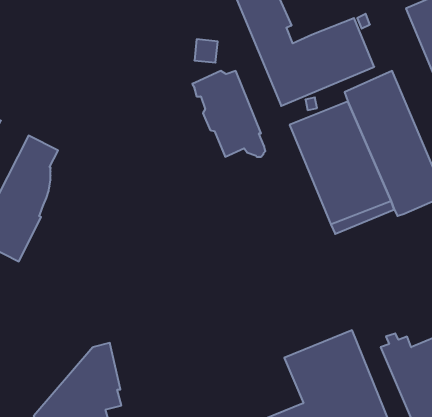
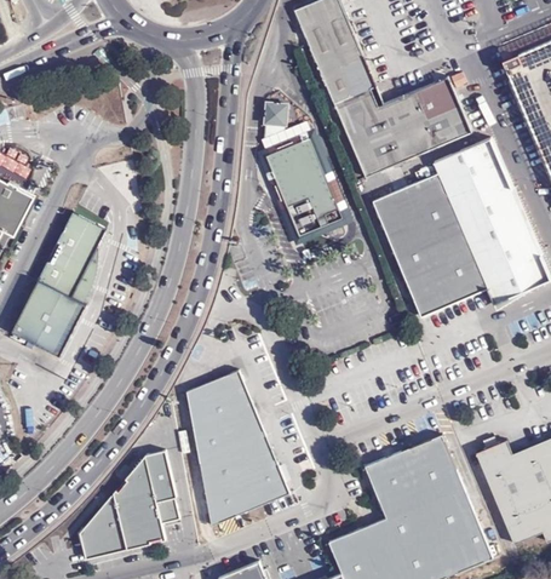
building: none -> [189,369,291,523]

